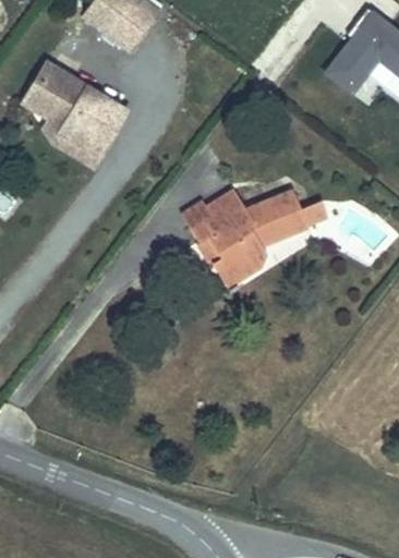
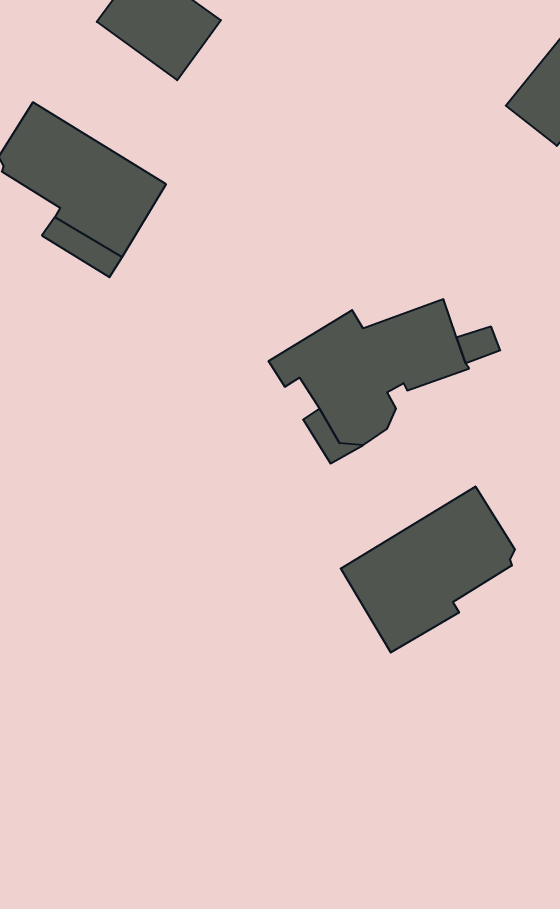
building: none -> [341,486,515,653]

